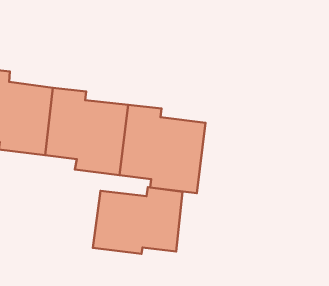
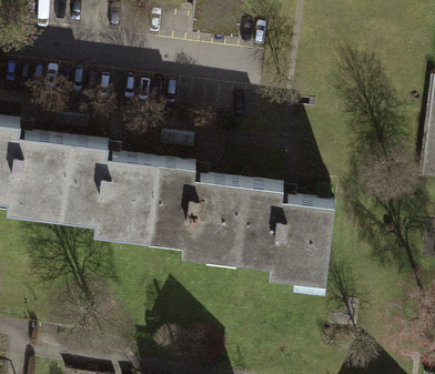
building: none -> [236,182,336,285]
building: [93,187,182,254] -> none

